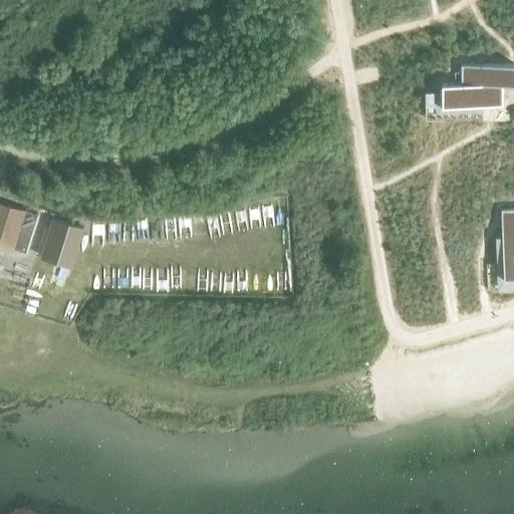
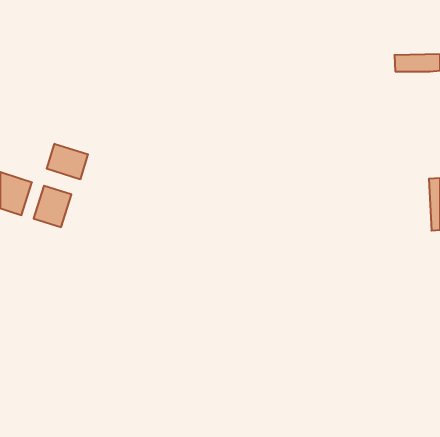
building: [441,86,501,107] -> none
building: none -> [47,144,88,179]

